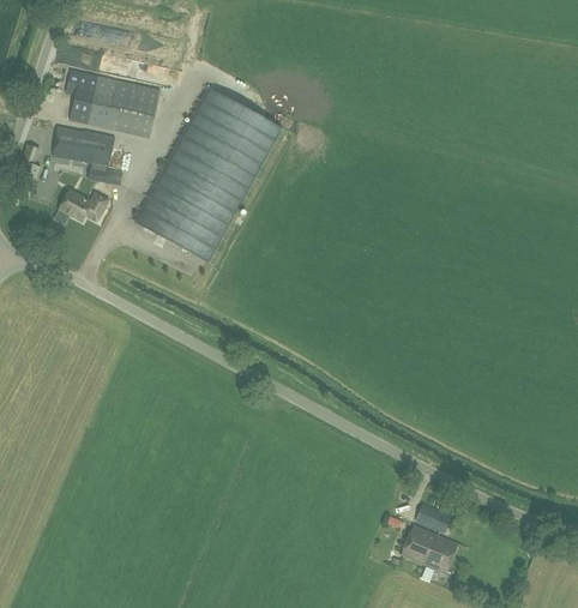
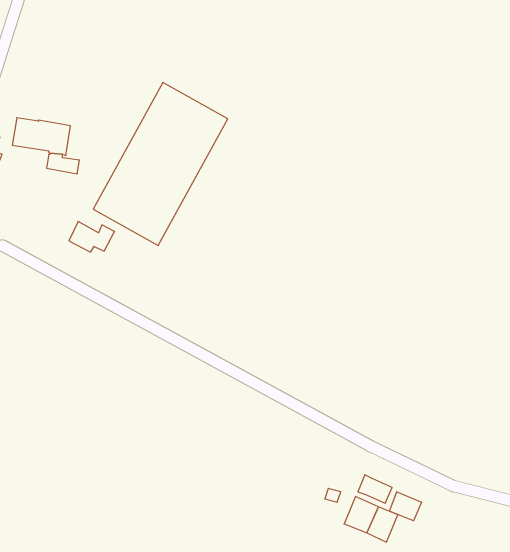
building: [66,68,161,136] -> none
building: [60,188,108,221] -> [69,221,115,252]
building: none -> [390,492,422,521]

